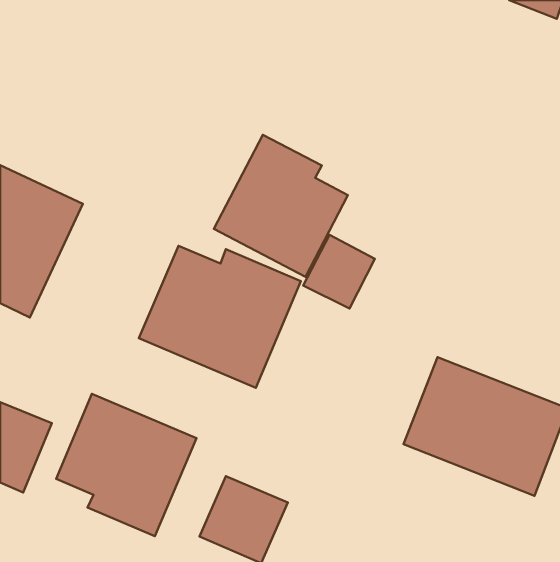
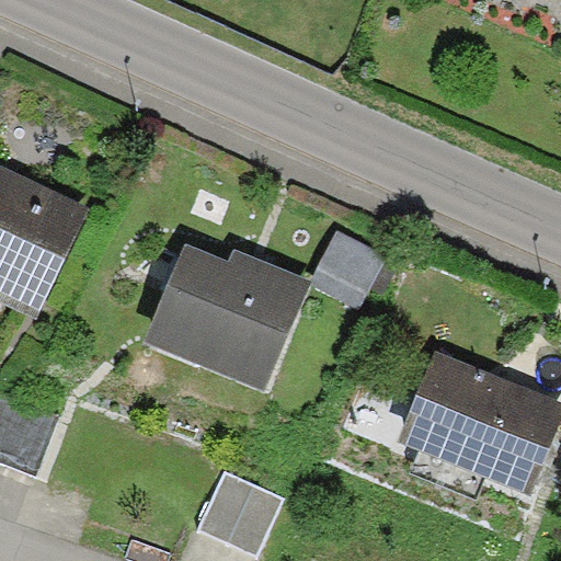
building: [214,135,348,277] -> none
building: [56,394,197,536] -> none

